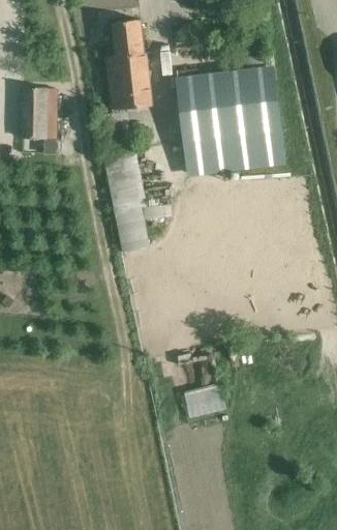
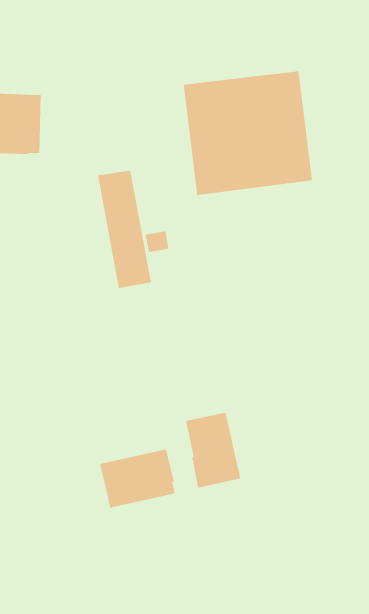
building: [106,19,153,112] -> none
building: none -> [99,449,176,509]

